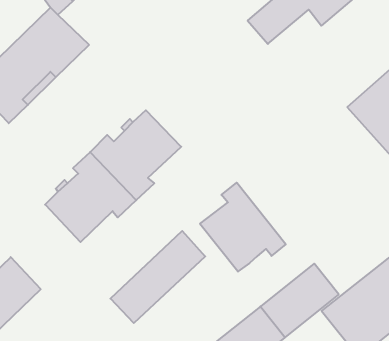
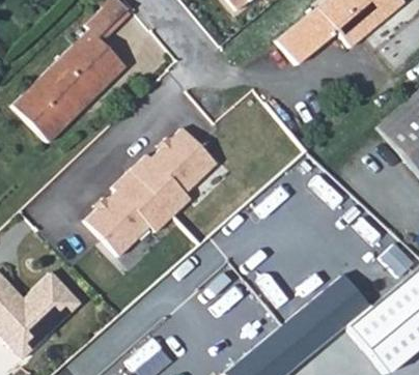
building: [200,183,286,272] -> none
building: [110,231,205,323] -> none

